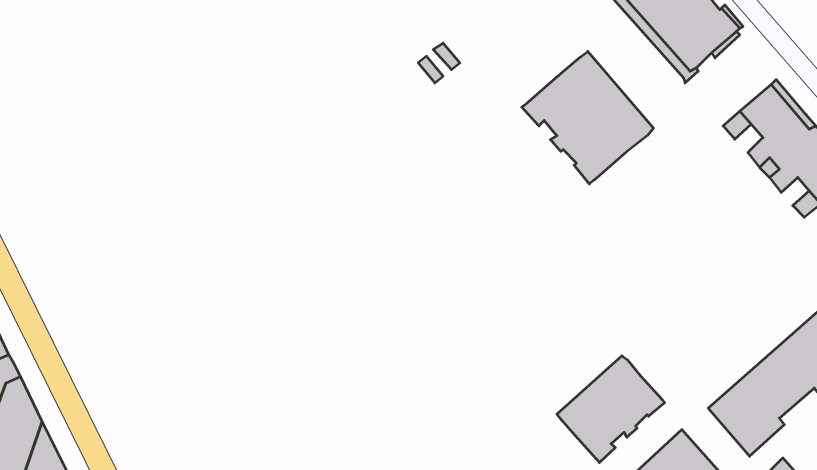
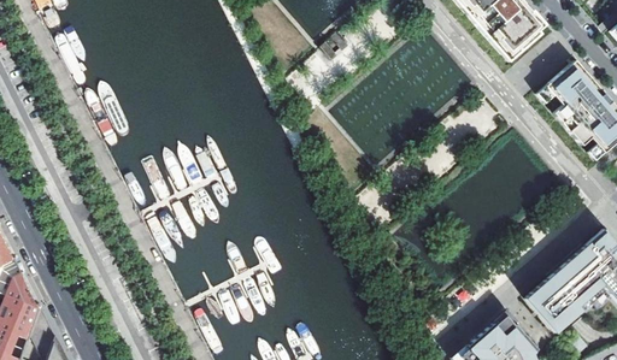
building: [522,51,653,184] -> none
building: [557,356,665,463] -> none

